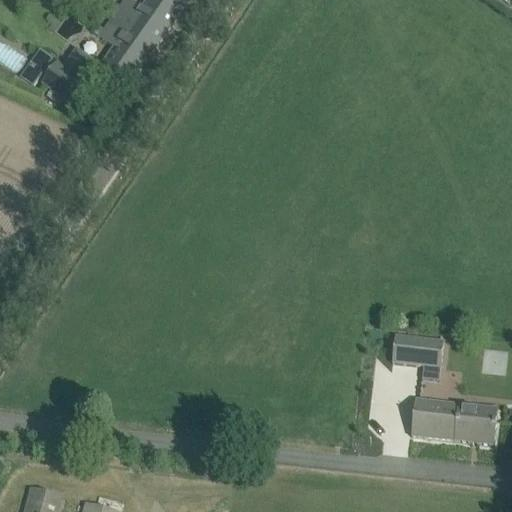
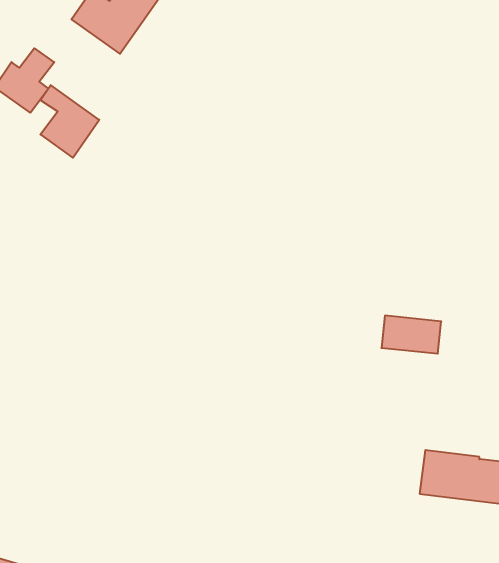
building: [99,22,150,85] -> [40,85,99,158]
building: [391,333,443,366] -> [381,316,441,354]

